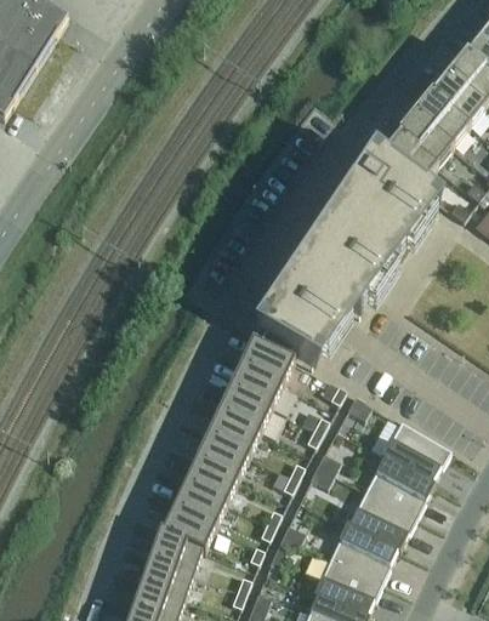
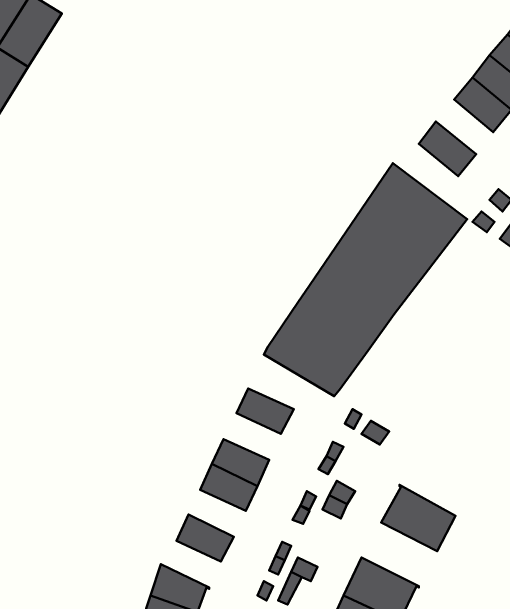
building: [414,97,467,148] -> none
building: [381,138,434,189] -> none
building: [239,341,292,386] -> none
building: [216,389,269,433] -> none
building: [380,422,449,485] -> none
building: [183,461,237,505] -> none
building: [345,491,415,551] -> none
building: [158,508,214,552] -> none

